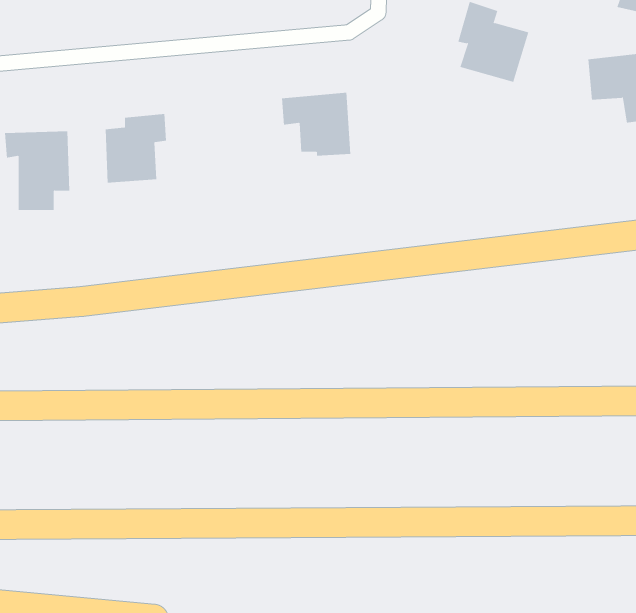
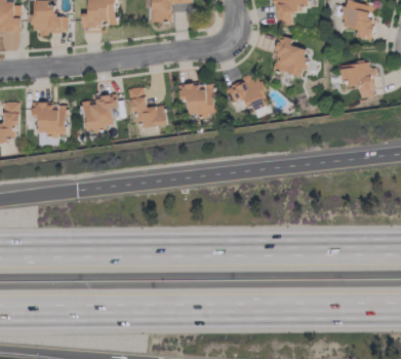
building: none -> [226,74,268,112]
building: none -> [130,87,166,127]

